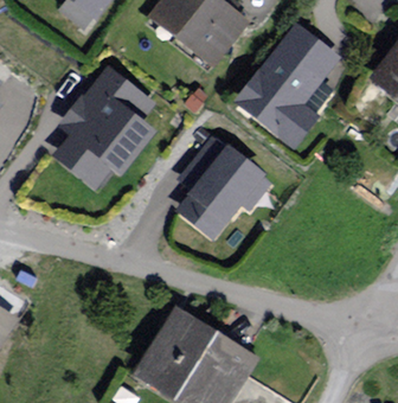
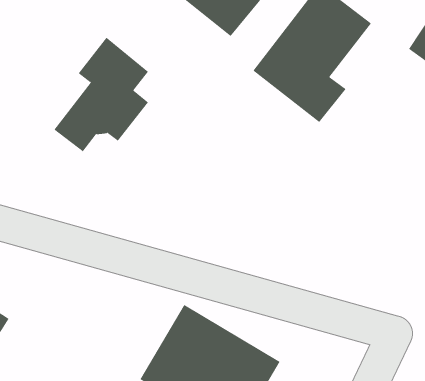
building: [172,134,262,238] -> none

